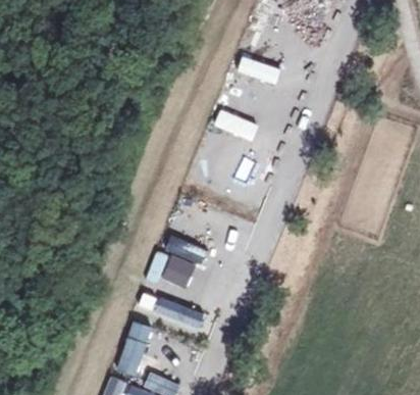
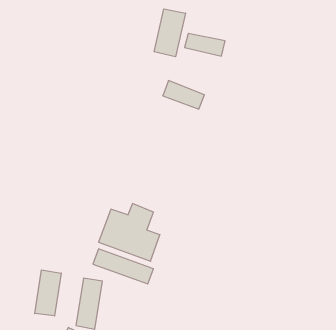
building: none -> [154,9,185,57]
building: none -> [35,270,61,316]

